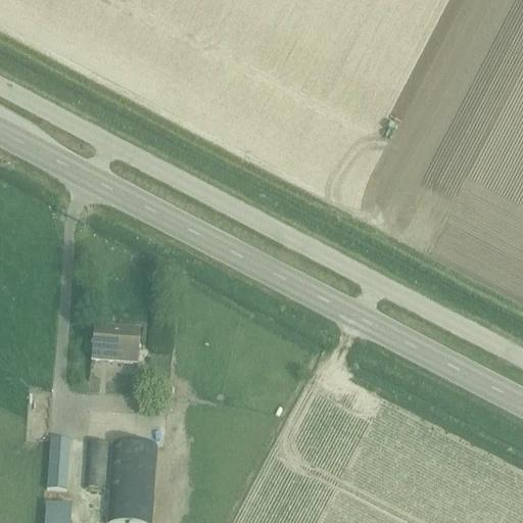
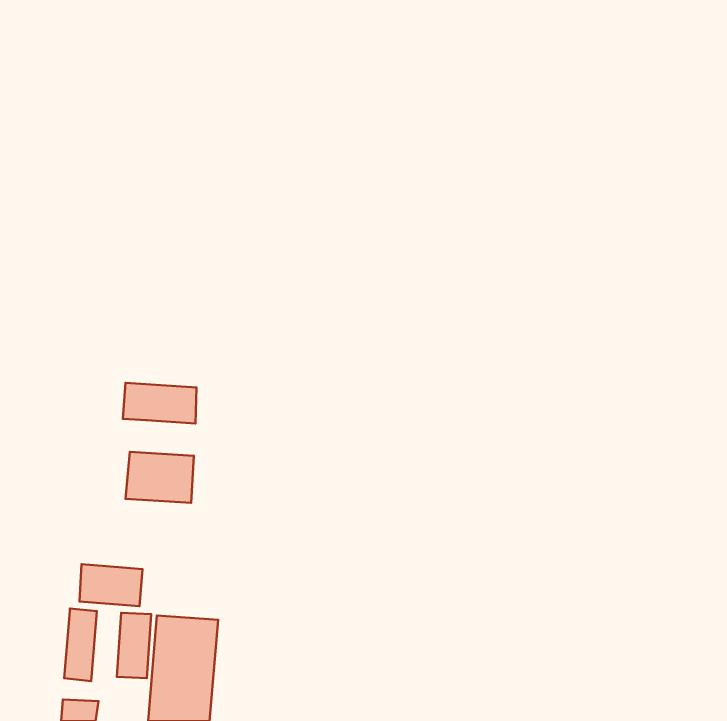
building: none -> [123,383,196,424]
building: none -> [79,564,143,606]

